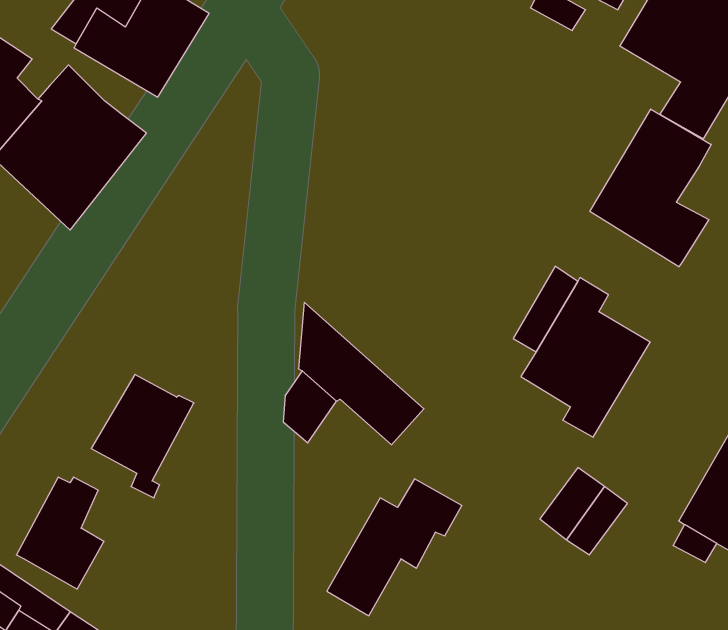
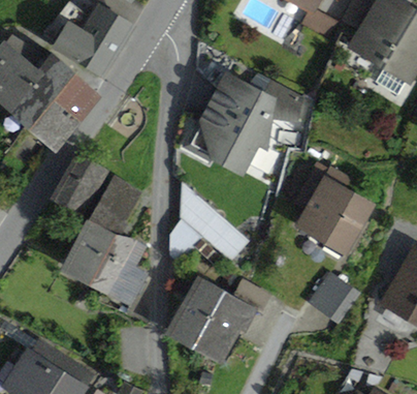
building: none -> [190,78,299,172]
building: [590,109,711,267] -> none
building: none -> [55,152,107,214]
building: none -> [88,180,137,237]
building: [16,477,104,589] -> [99,240,147,301]
building: none -> [172,280,223,342]

